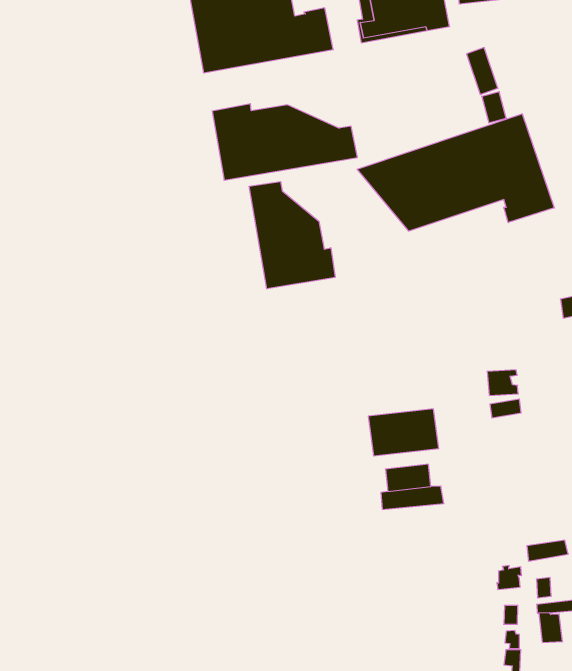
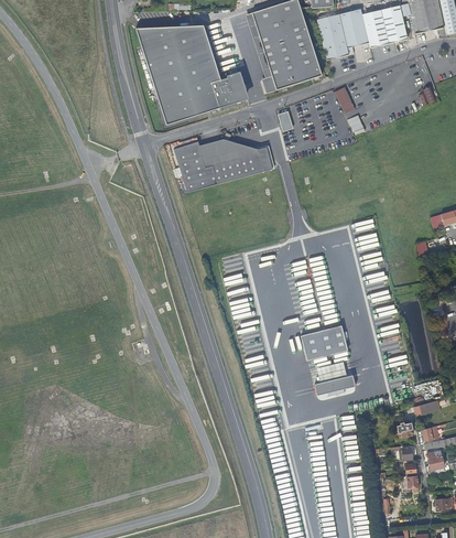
building: [357,114,554,231] -> none
building: [249,182,335,289] -> none

